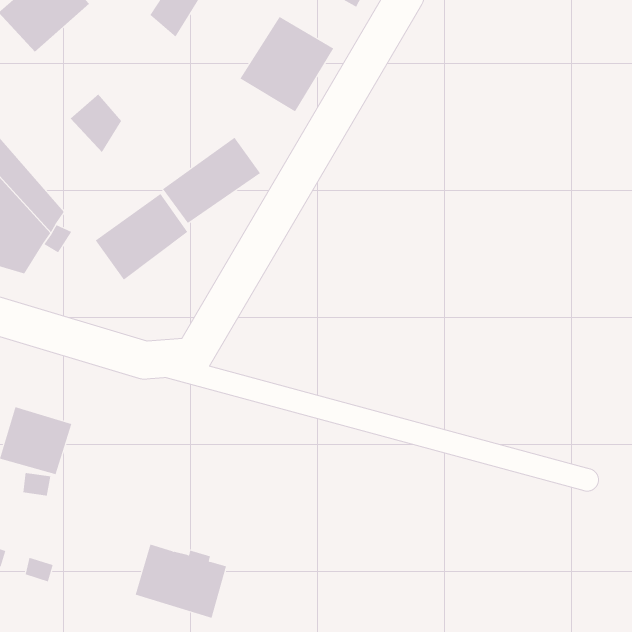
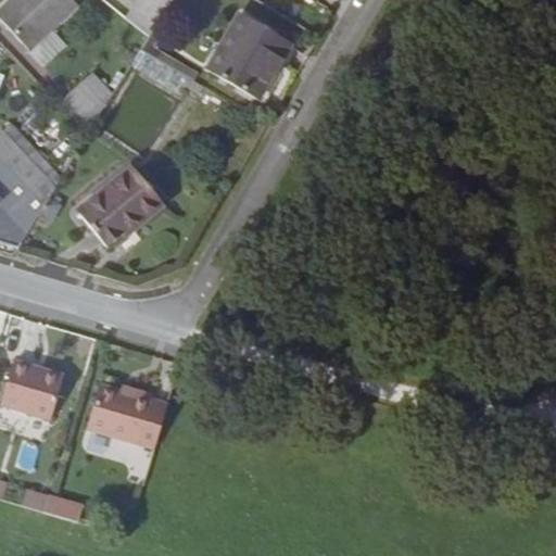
building: [162,137,261,224] -> none
building: [135,544,227,619] -> [86,379,166,444]

